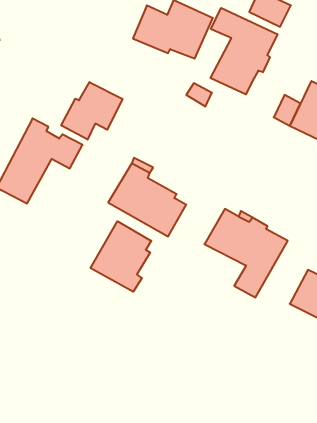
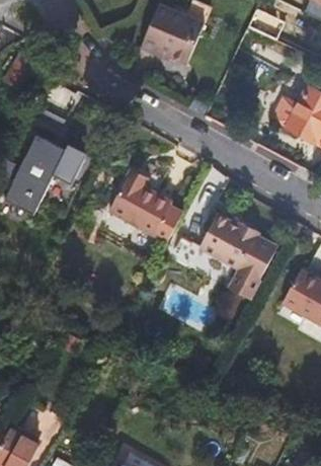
building: [211,8,277,94] -> none
building: [61,82,123,140] -> none
building: [91,221,151,292] -> none

